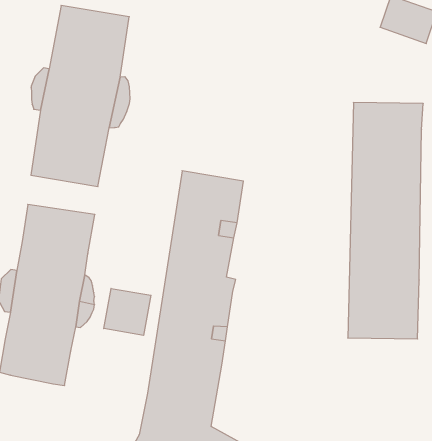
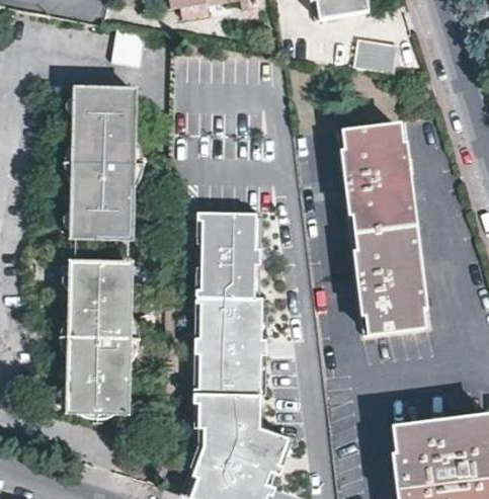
building: [104,288,151,335] -> none

